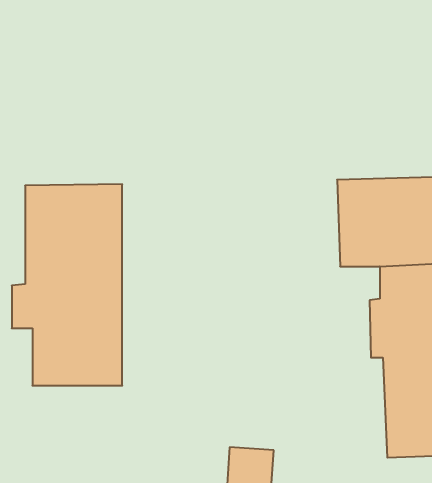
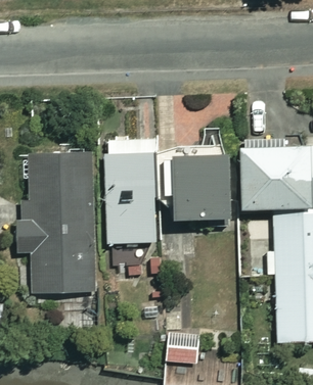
building: none -> [103,138,159,244]
building: none -> [171,155,234,220]

